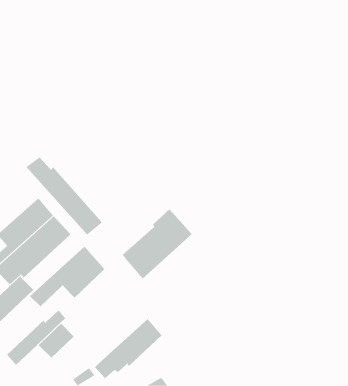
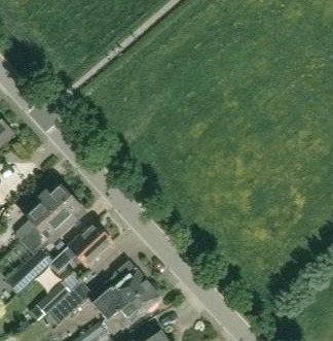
building: [26,156,102,236] -> none
building: [122,208,193,279] -> [89,261,149,320]

